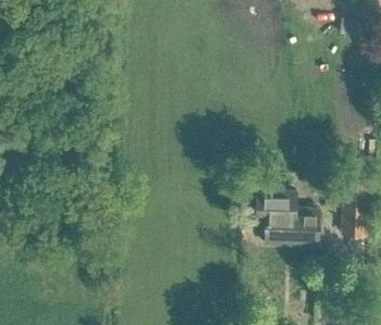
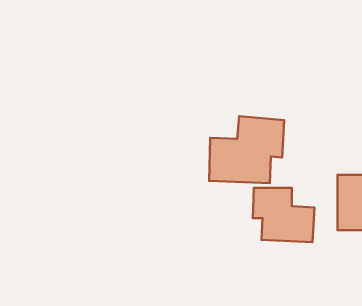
building: none -> [209,116,284,183]

